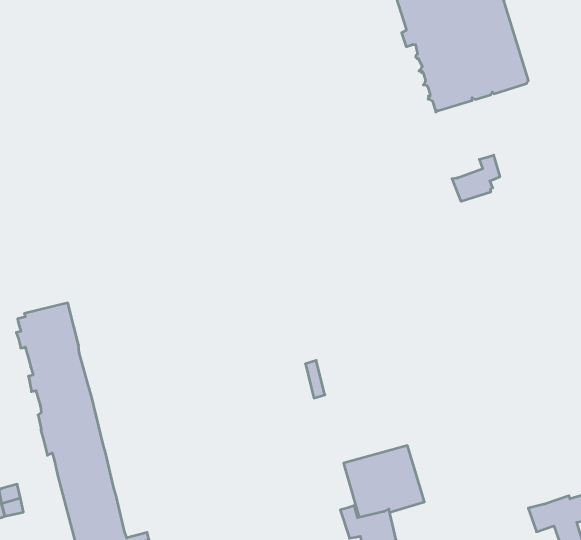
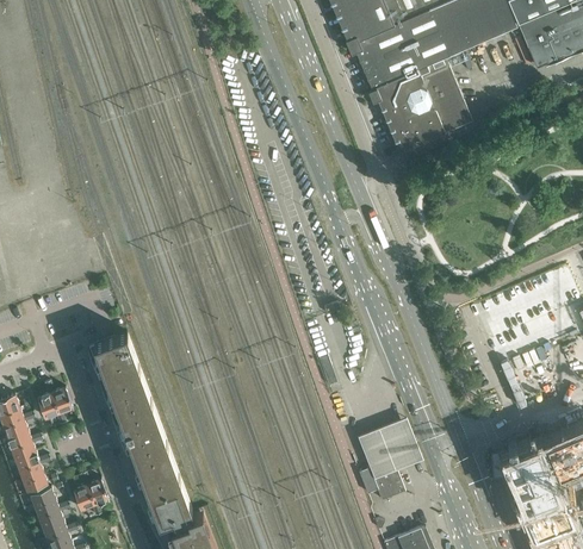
building: [452,155,500,201] -> none

